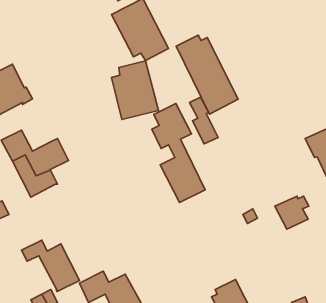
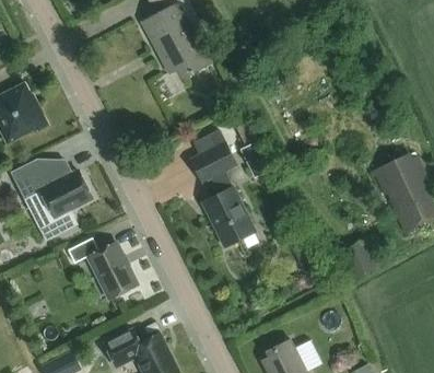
building: [176,35,238,114] -> none
building: [111,61,158,119] -> none
building: [22,240,79,291] -> [68,237,137,299]

